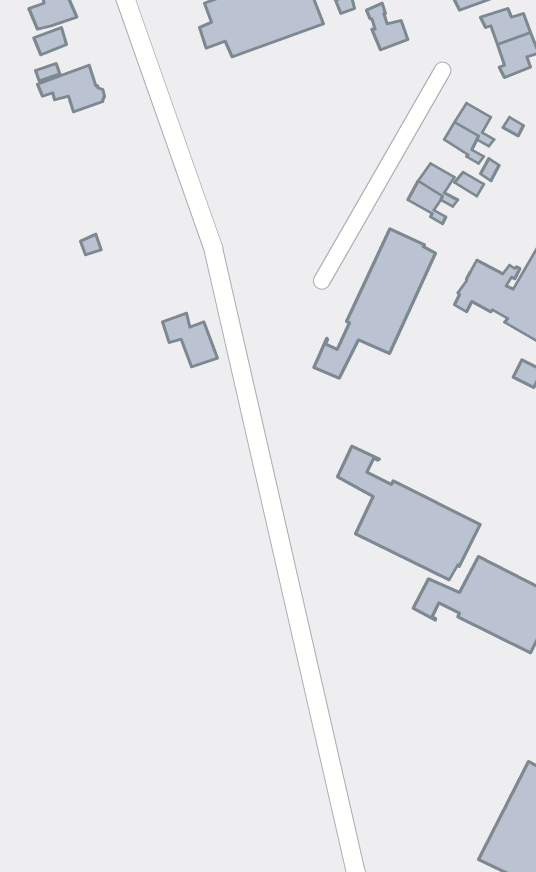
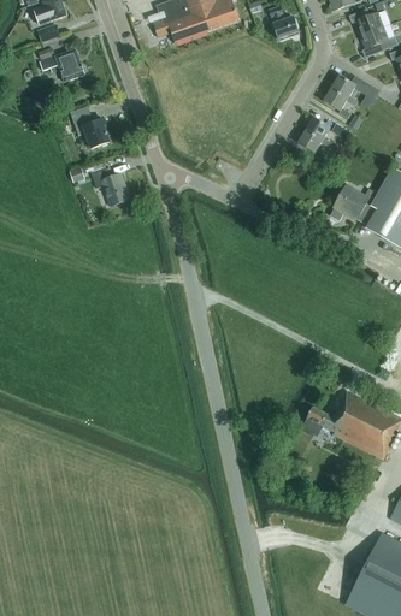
building: none -> [72,113,108,148]
building: [314,229,435,378] -> none
building: [162,313,217,367] -> [90,167,129,205]
building: [337,446,480,580] -> none

